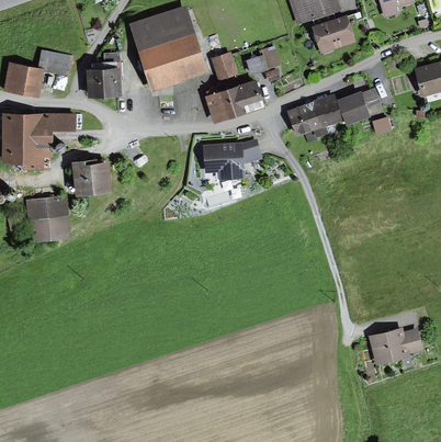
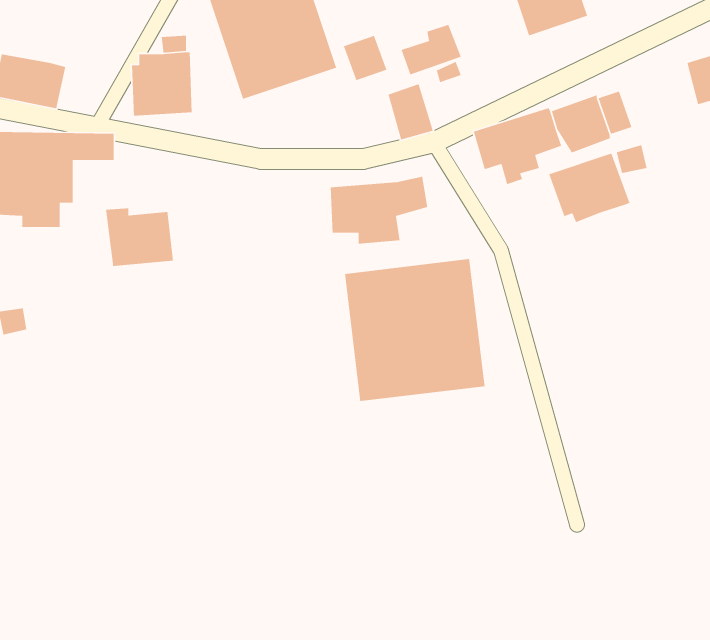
building: [38,50,71,77] -> none
building: [205,89,245,125] -> none
building: none -> [548,152,631,223]
building: none -> [344,258,485,402]
building: [26,195,69,236] -> none
building: [366,326,422,365] -> none

